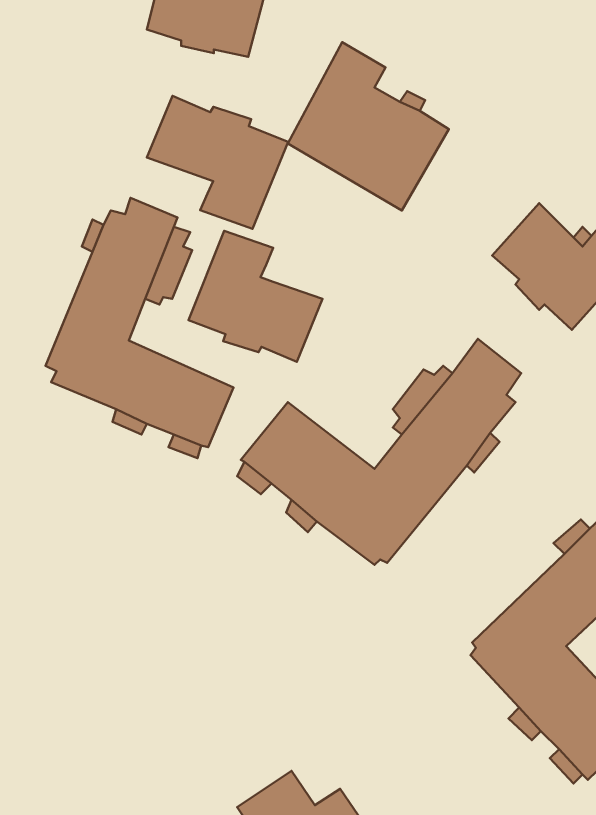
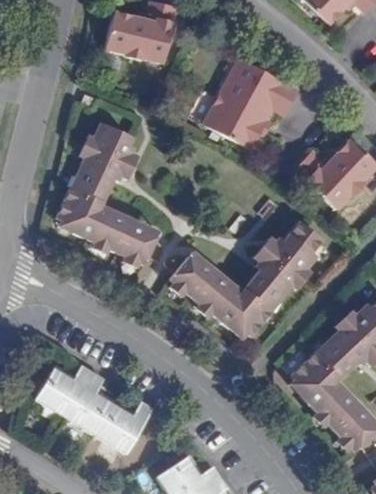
building: [147,96,288,229] -> none
building: [188,231,322,362] -> none
building: none -> [38,363,157,452]

